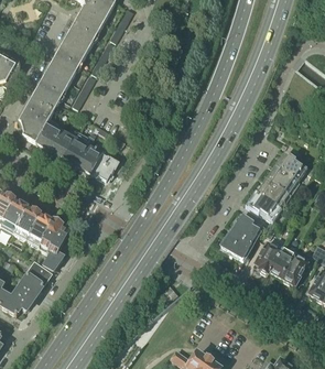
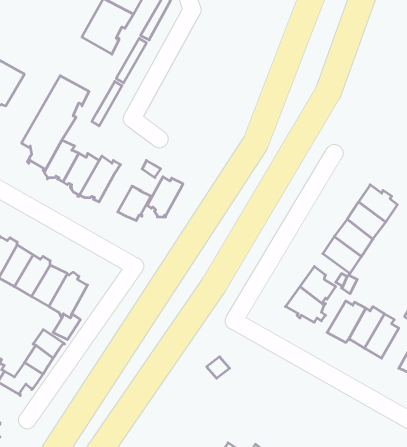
building: [48,37,88,79] -> none
building: [78,142,106,173] -> [147,177,183,217]

